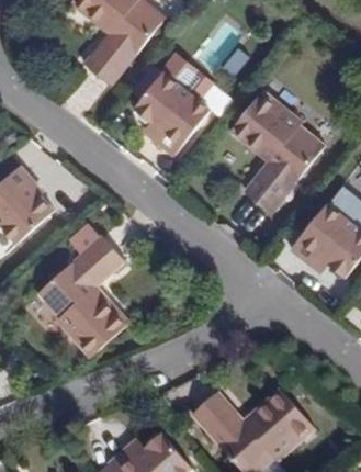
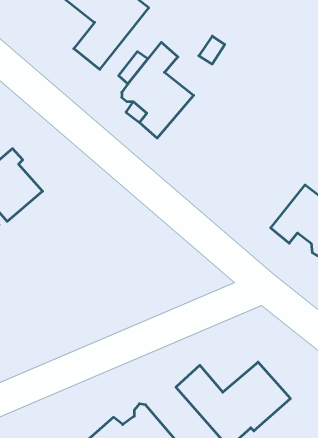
building: [232,89,326,209] -> none
building: [40,235,129,357] -> none

